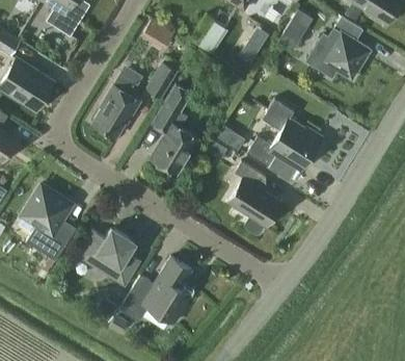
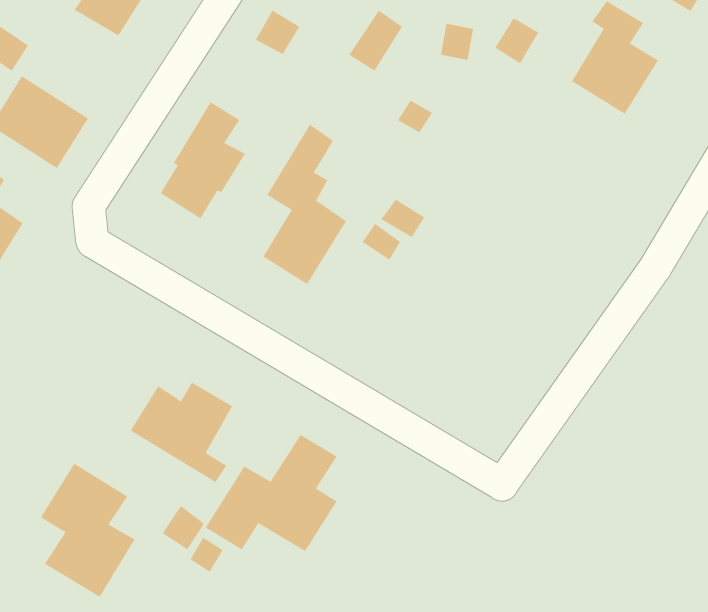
building: [146,57,182,98] -> none
building: [247,99,322,170] -> none
building: [227,160,280,233] -> none
building: [23,184,76,259] -> [40,463,136,597]

